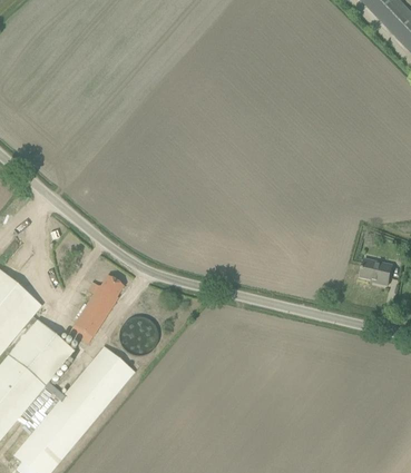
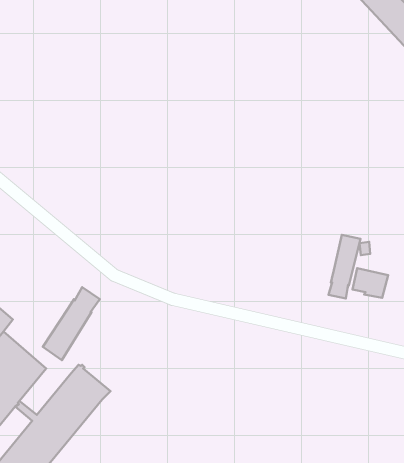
building: none -> [328,235,361,299]

